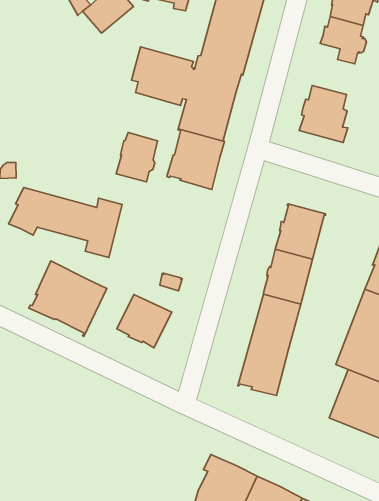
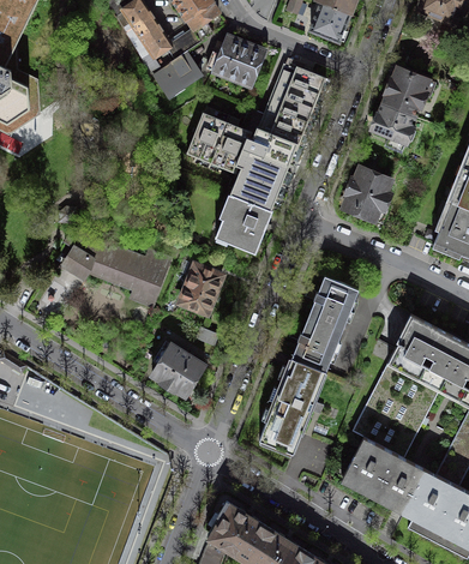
building: [116,133,157,182] -> [179,265,221,313]
building: [29,261,107,336] -> none

